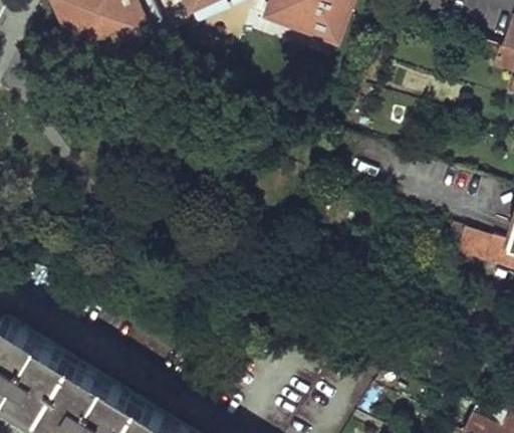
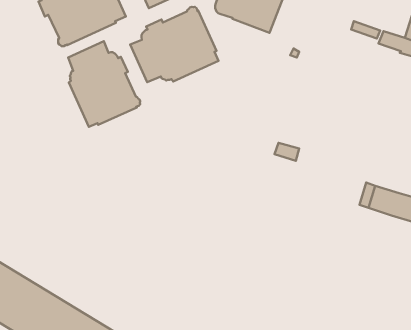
building: none -> [130,7,219,82]
building: none -> [68,41,140,127]

